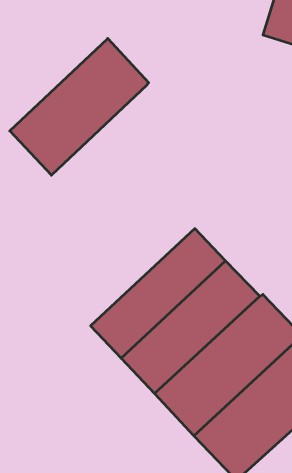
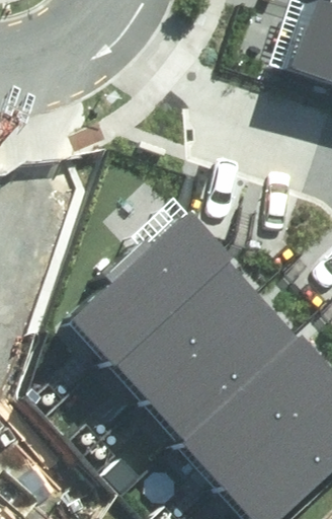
building: [10,38,149,175] -> none
building: none -> [64,213,218,363]

